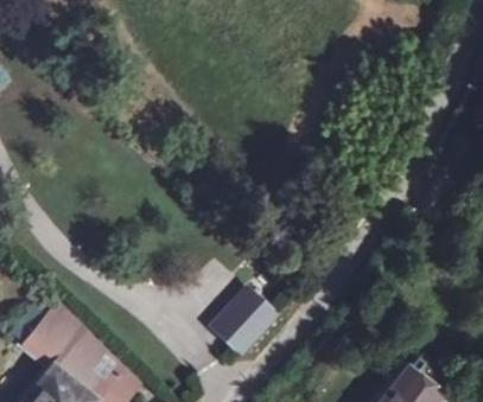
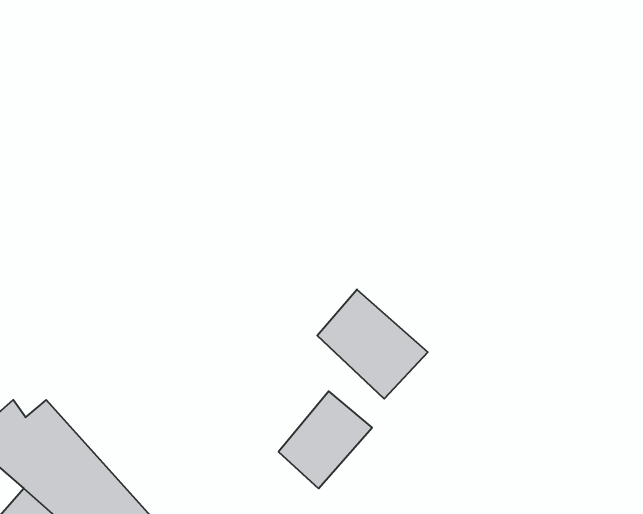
building: none -> [317,289,428,399]

